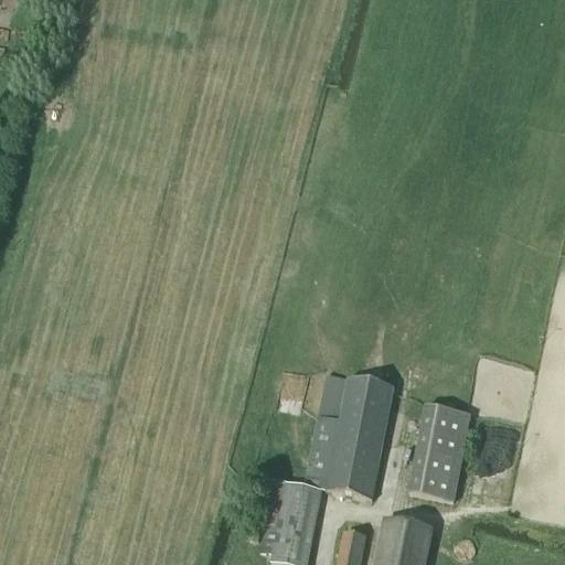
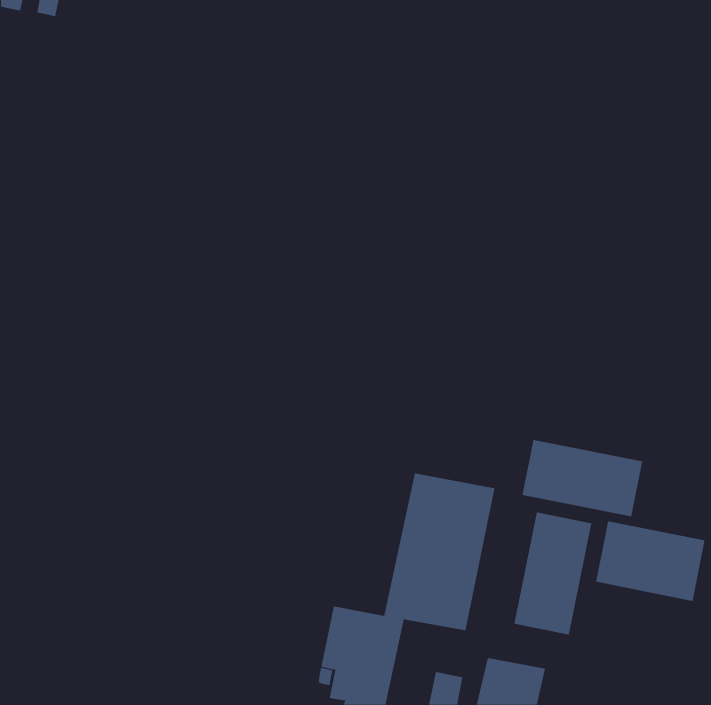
building: none -> [522,439,643,517]
building: none -> [595,520,705,602]

